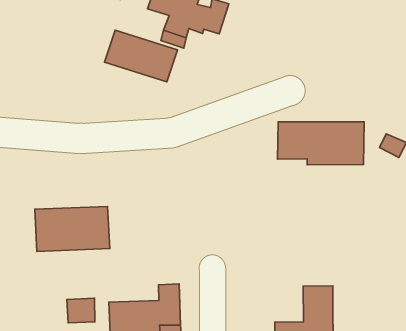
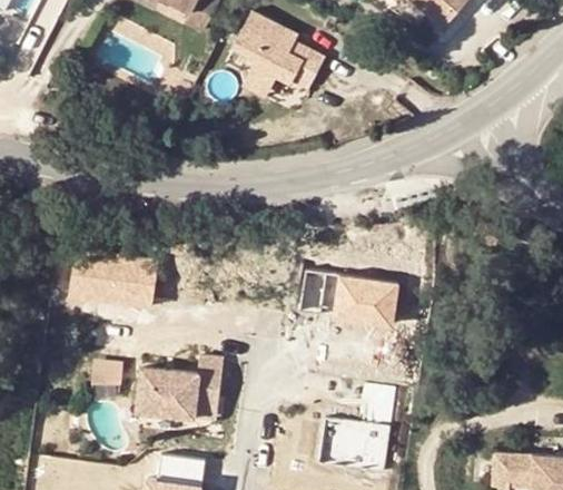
building: [105,30,178,82] -> none
building: [278,122,364,165] -> [297,270,401,332]

